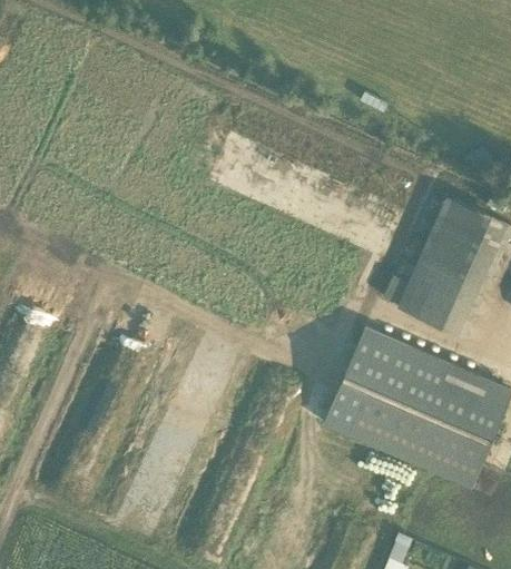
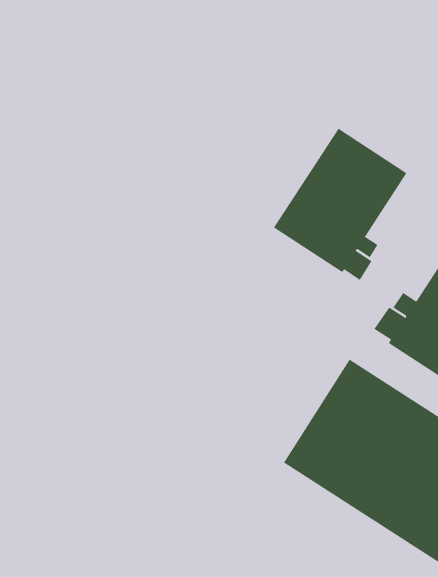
building: none -> [273,128,407,281]

